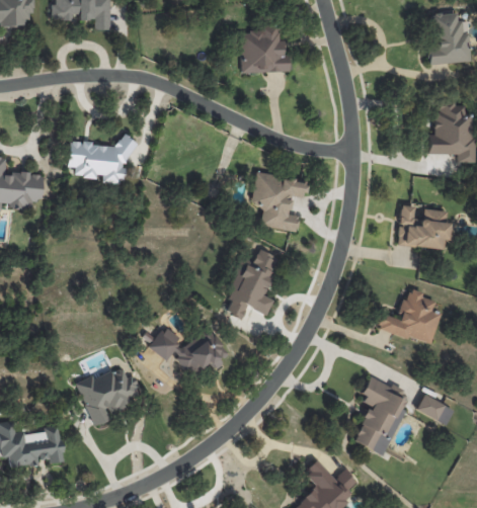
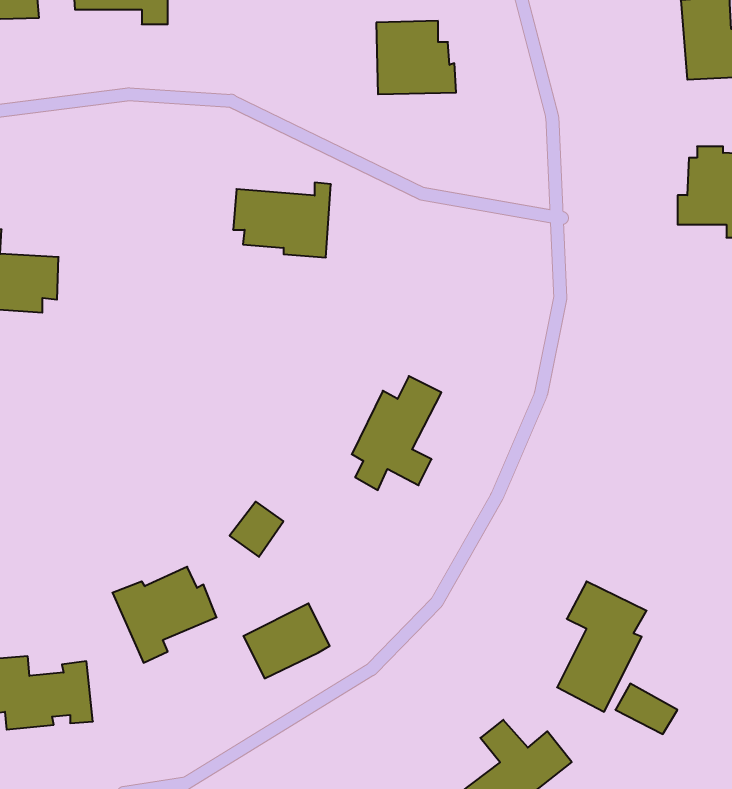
building: [69,138,130,184] -> [233,183,331,257]
building: [250,172,307,232] -> none
building: [397,205,449,249] -> none
building: [377,290,441,345] -> none
building: [173,329,227,375] -> [243,603,330,678]
building: [416,394,455,425] -> [615,684,677,734]

